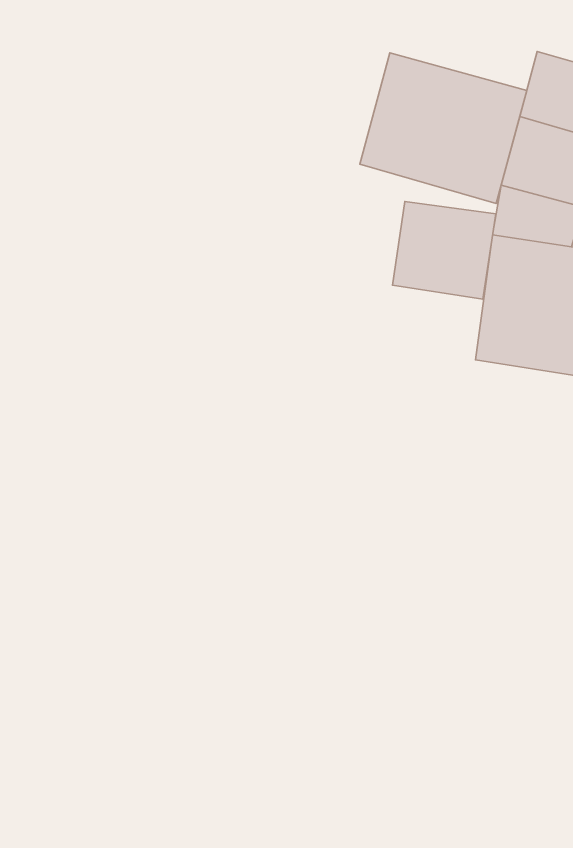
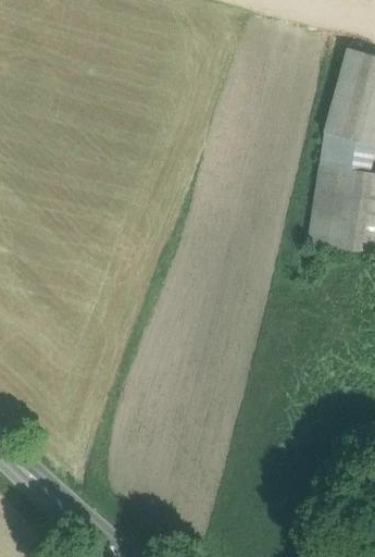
building: [360,53,527,204] -> none
building: [393,202,496,299] -> none

